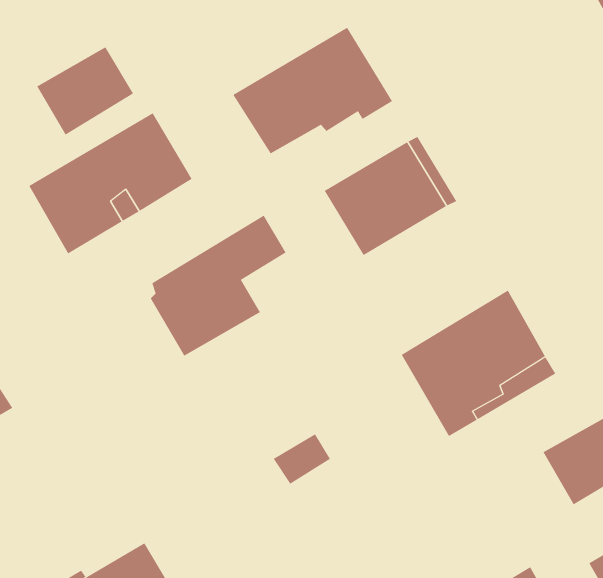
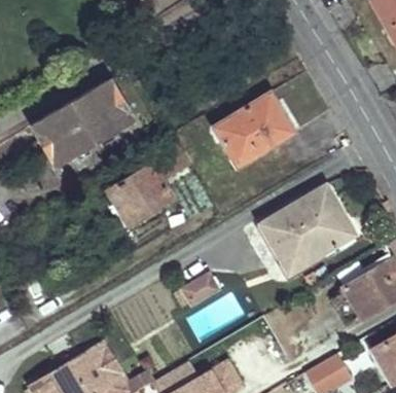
building: [233,27,393,154] -> none
building: [36,46,134,135] -> none

